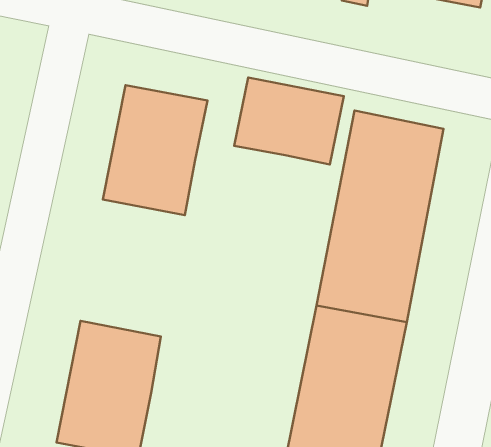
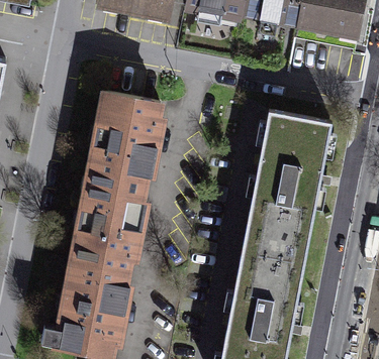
building: [234,77,344,164] -> none
building: none -> [72,174,147,272]

